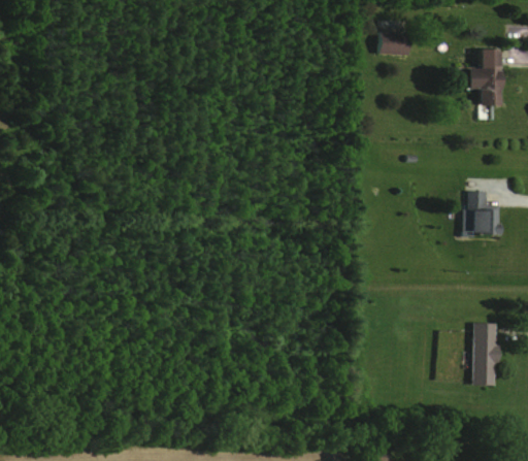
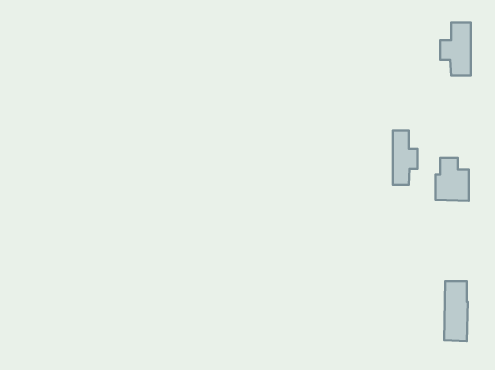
building: [380,31,409,55] -> none
building: none -> [393,131,418,185]

